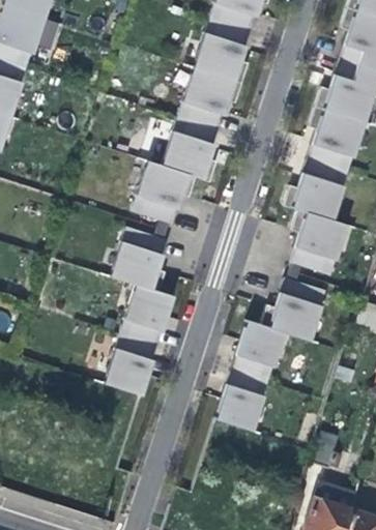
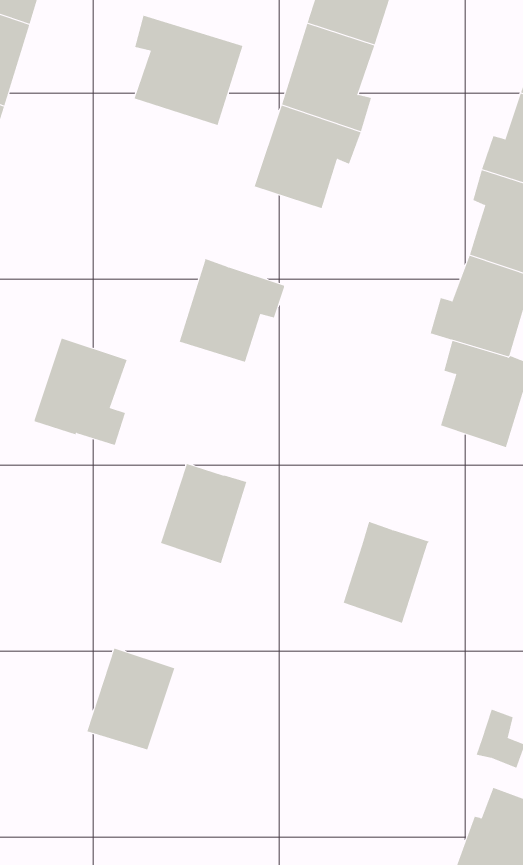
building: none -> [134,15,243,126]
building: [163,116,220,181] -> none
building: [111,226,168,291] -> [34,338,128,445]
building: [262,276,326,340] -> none
building: [105,332,158,394] -> [86,648,175,750]
building: [215,369,268,431] -> none

